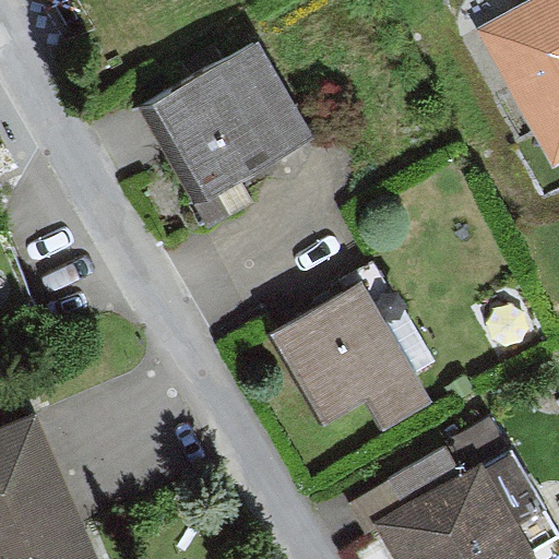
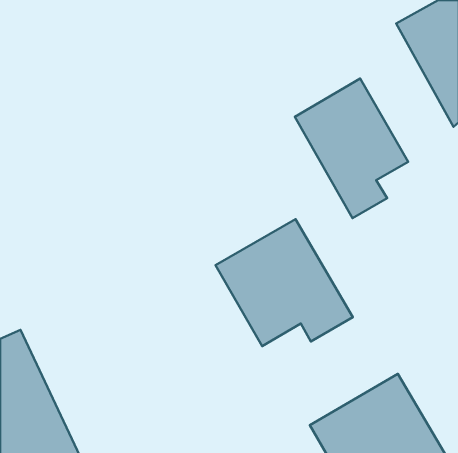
building: [136,39,316,204] -> none
building: none -> [295,79,408,218]

